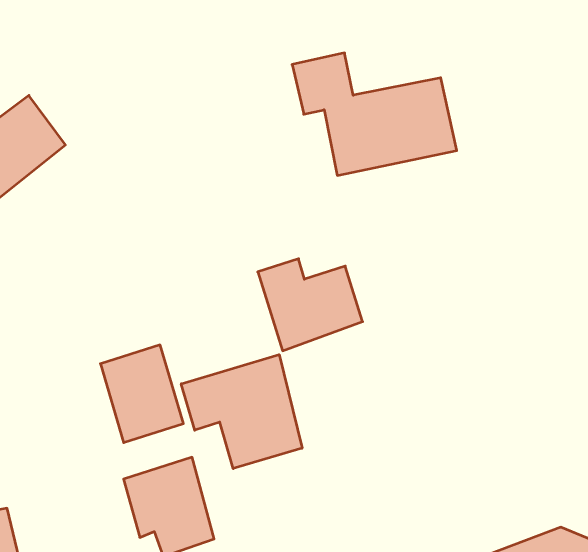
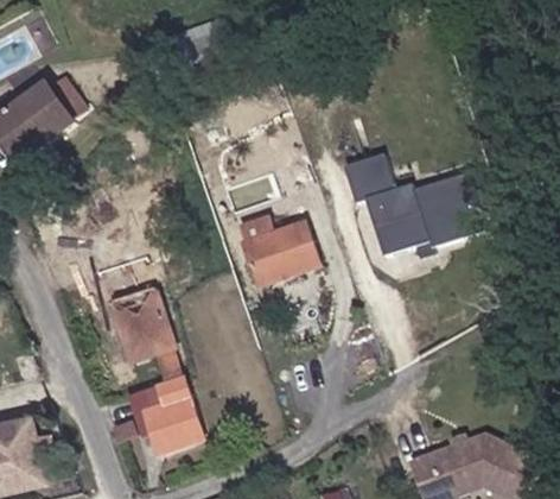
building: [292,53,457,175] -> [341,151,475,251]
building: [181,355,302,469] -> none

